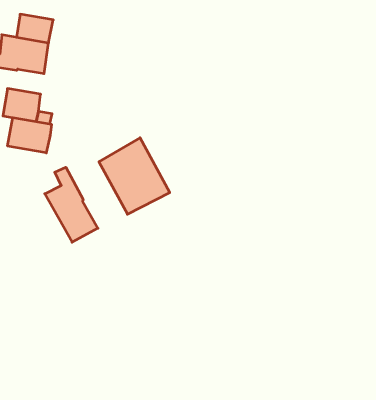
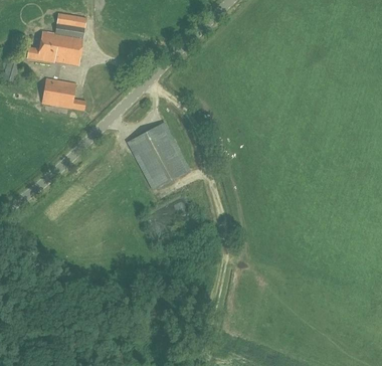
building: [8,118,51,153] -> none
building: [45,167,98,242] -> none

